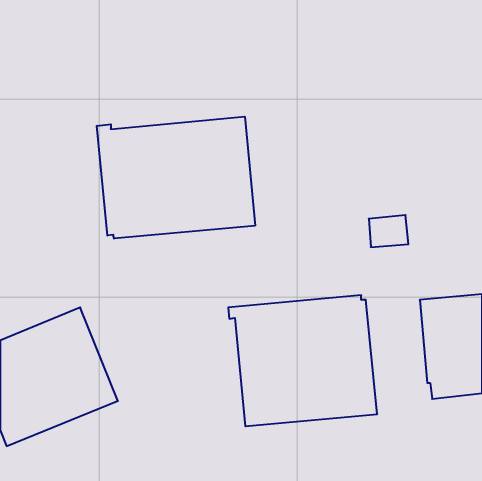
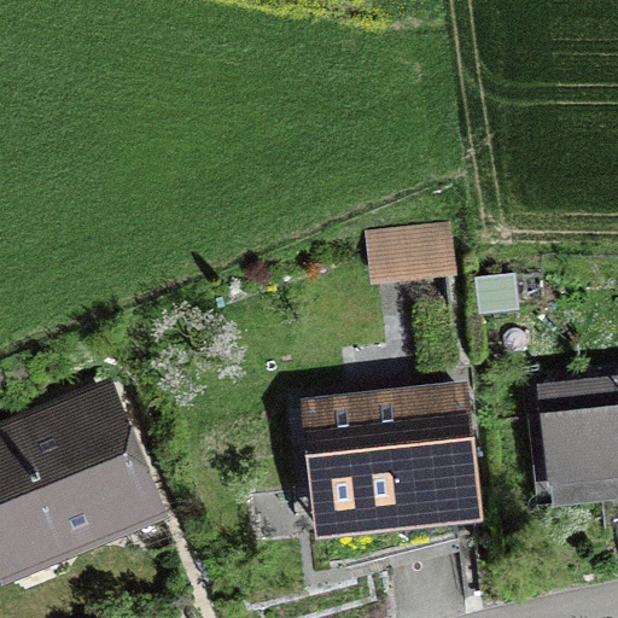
building: [97,117,255,239] -> none
building: none -> [363,220,457,286]

